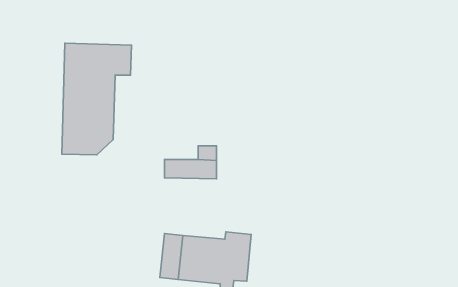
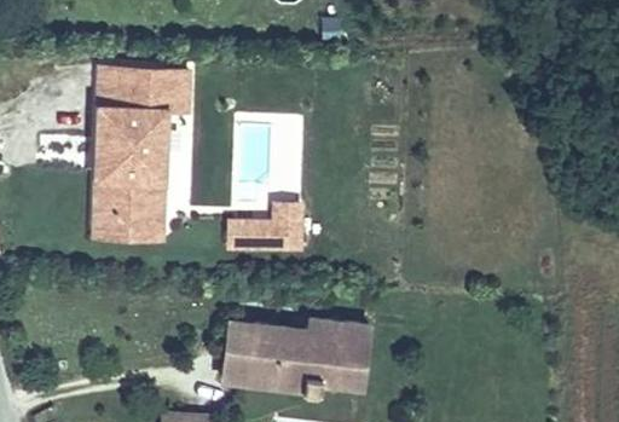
building: none -> [92,195,161,238]
building: none -> [337,320,368,385]

